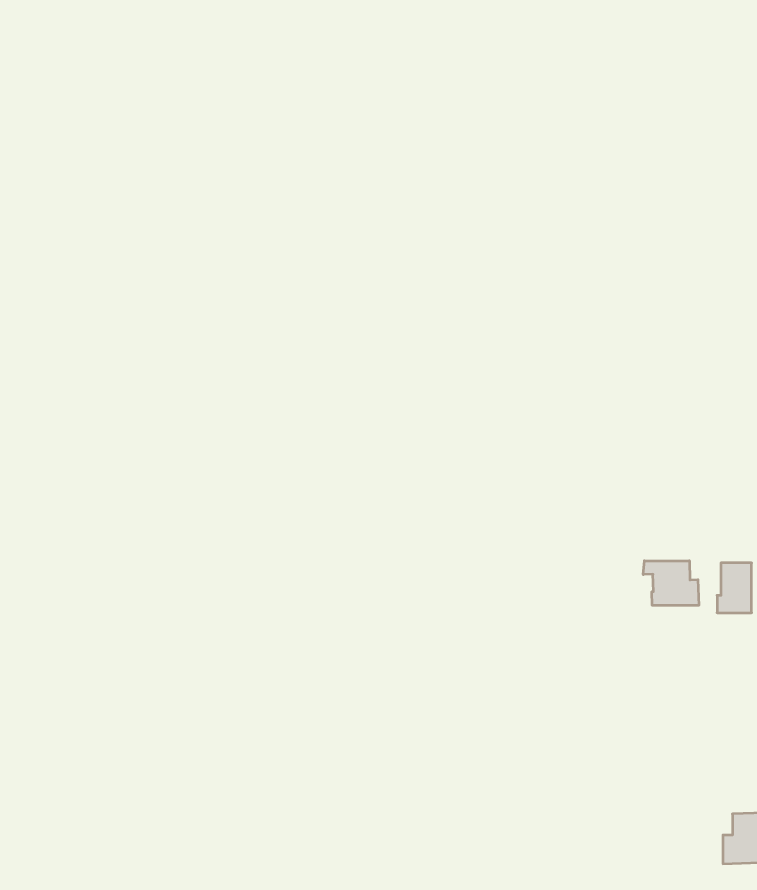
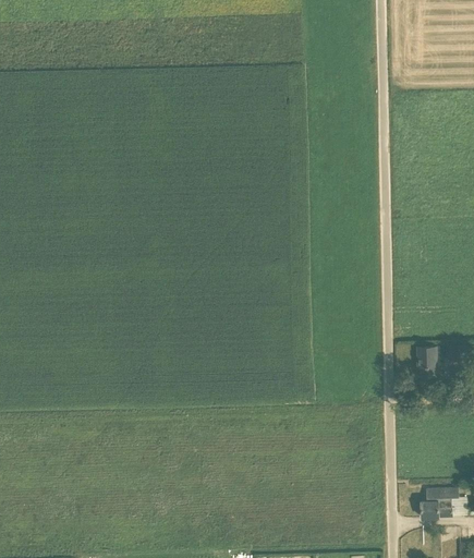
building: [643,561,699,605] -> none

